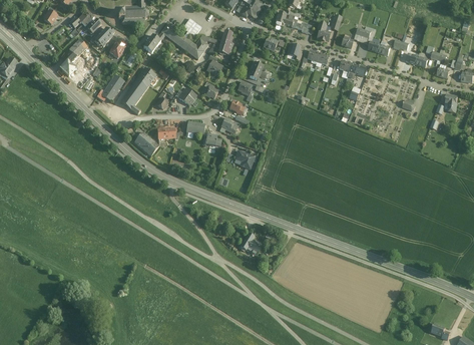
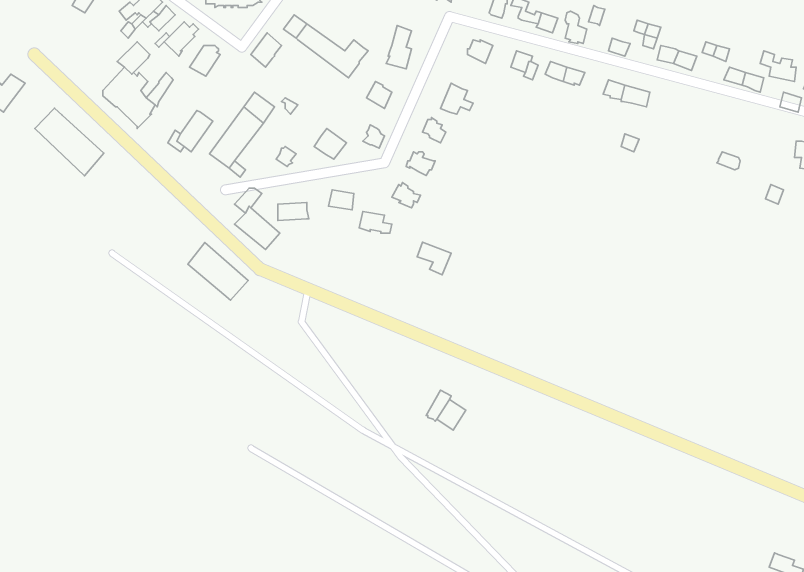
building: none -> [35,108,104,176]
building: none -> [188,243,248,300]

